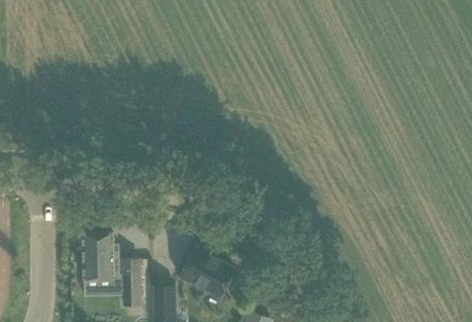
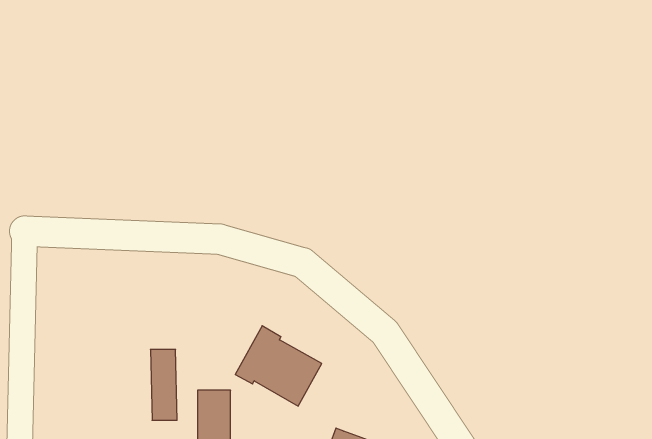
building: [83,232,120,282] -> none

